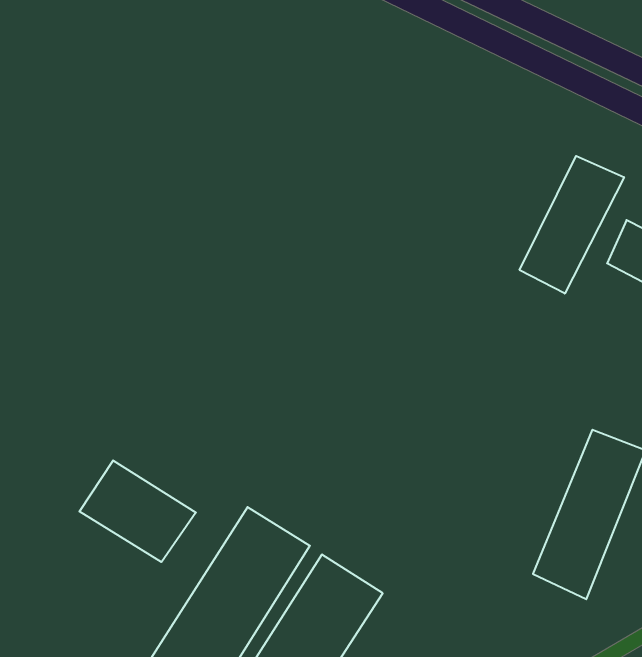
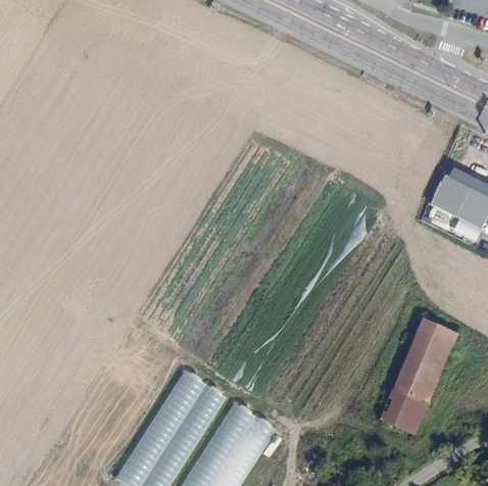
building: [520,156,624,294] -> none
building: [79,460,196,562] -> none

